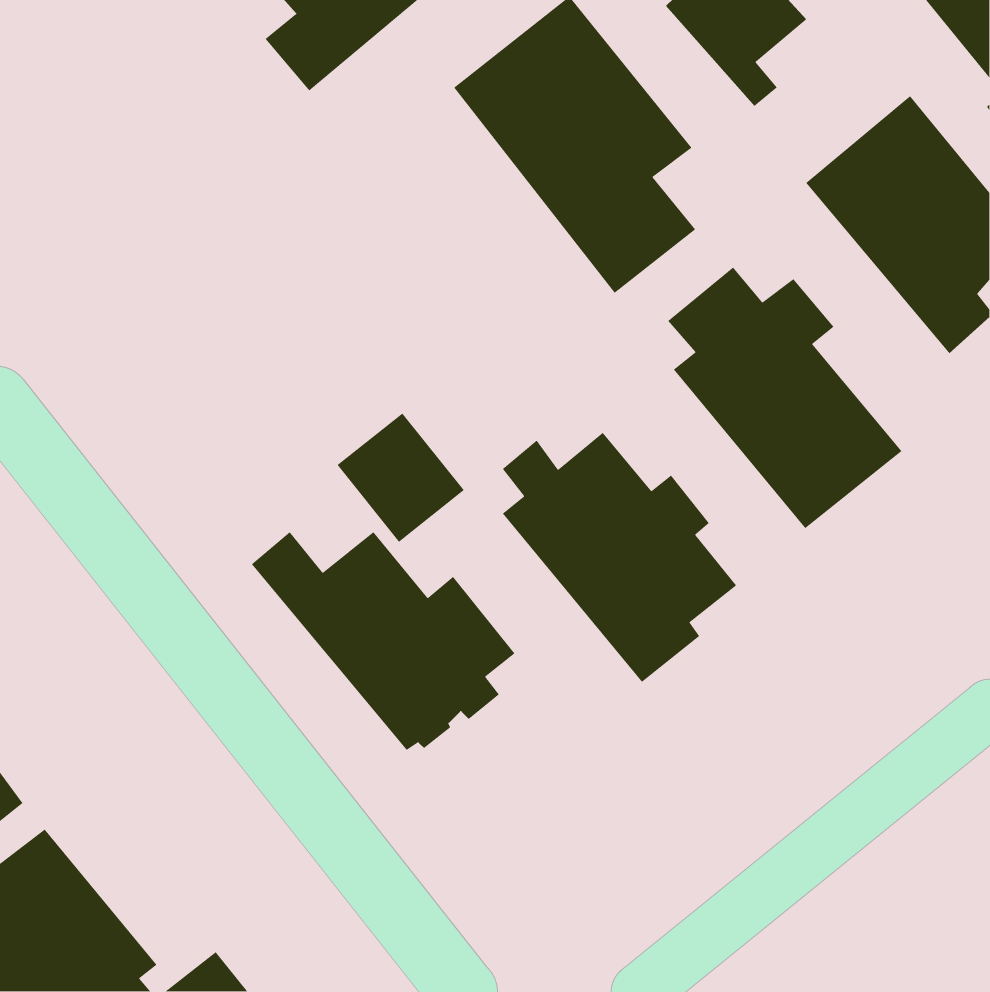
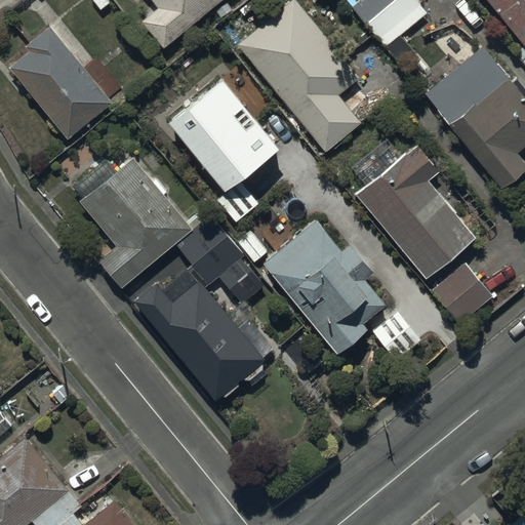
building: none -> [8,26,123,138]
building: none -> [168,80,278,194]
building: none -> [71,157,193,289]
building: none -> [427,264,494,329]

